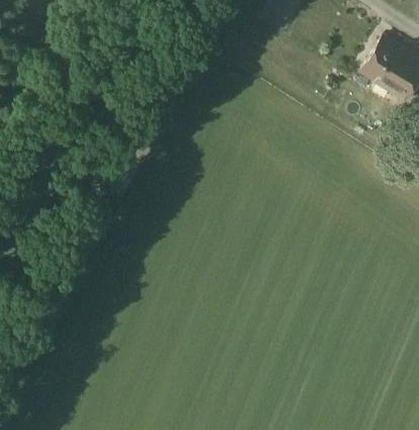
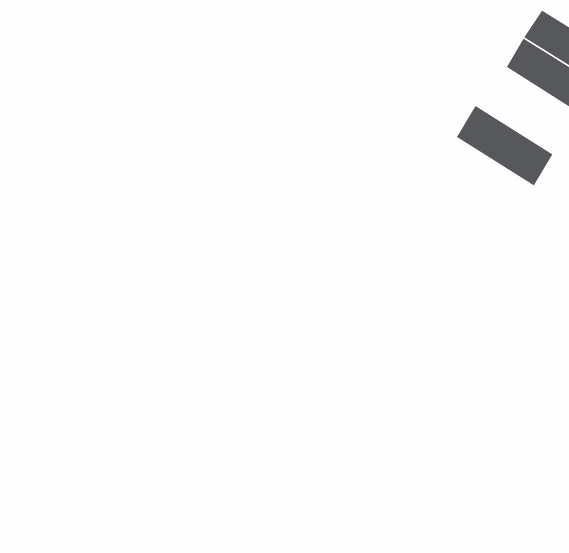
building: none -> [456,105,553,187]

